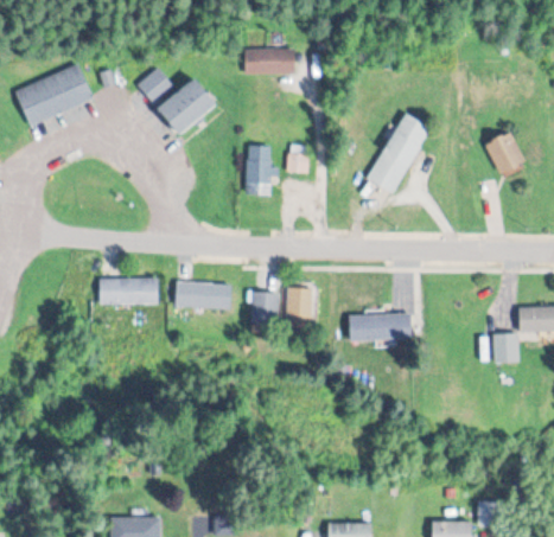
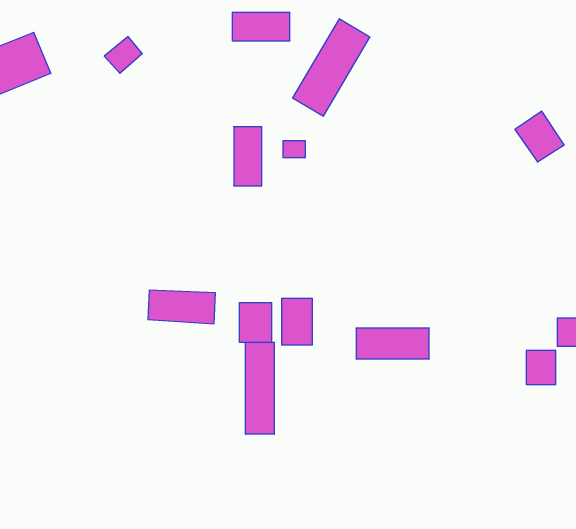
building: [158,77,216,134] -> none
building: [367,113,432,194] -> [293,19,370,116]
building: [100,279,158,303] -> none
building: none -> [245,342,274,434]

